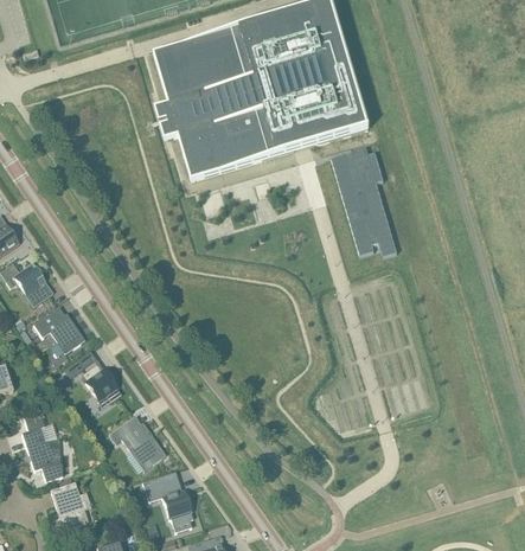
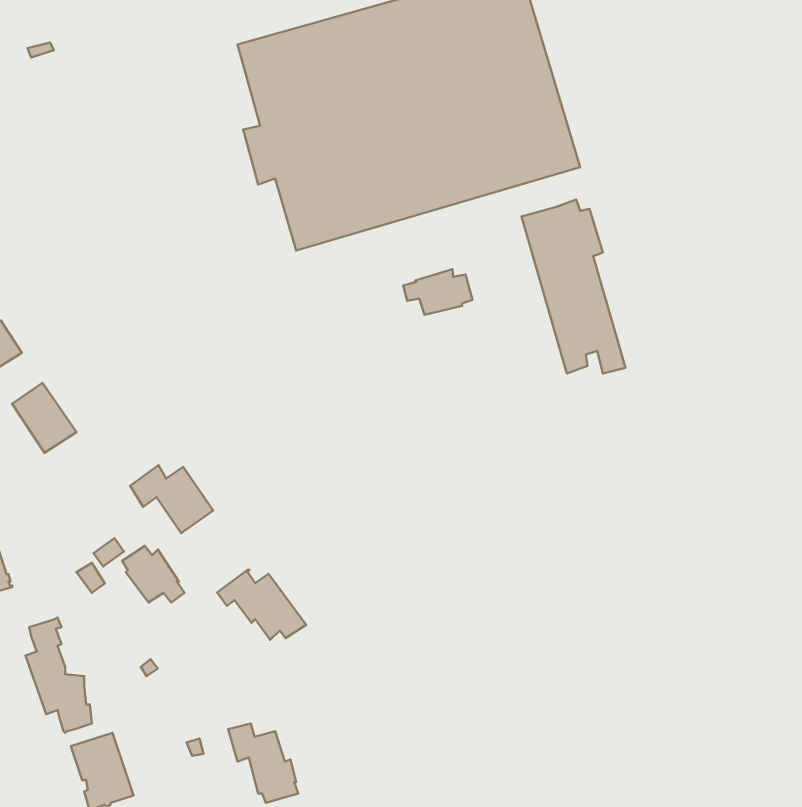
building: none -> [403,269,473,315]
building: [32,309,84,352] -> [130,465,213,533]
building: [110,418,166,462] -> [217,570,306,640]

